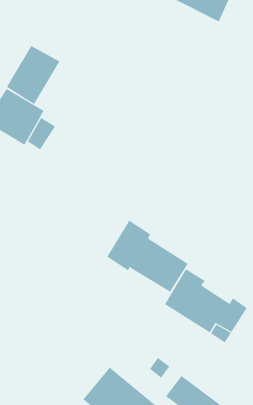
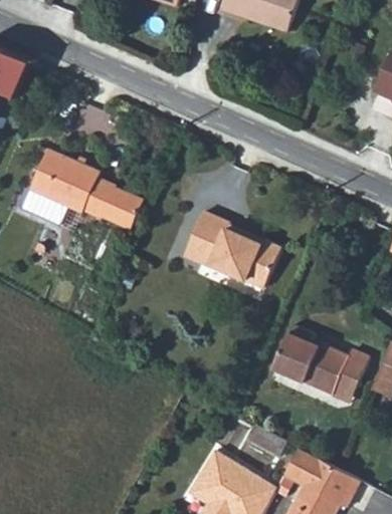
building: [6,45,60,105] -> none
building: none -> [100,181,141,223]
building: [106,220,188,293] -> [182,208,278,285]

